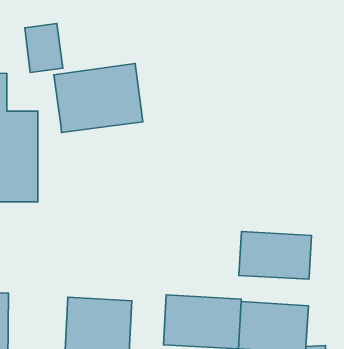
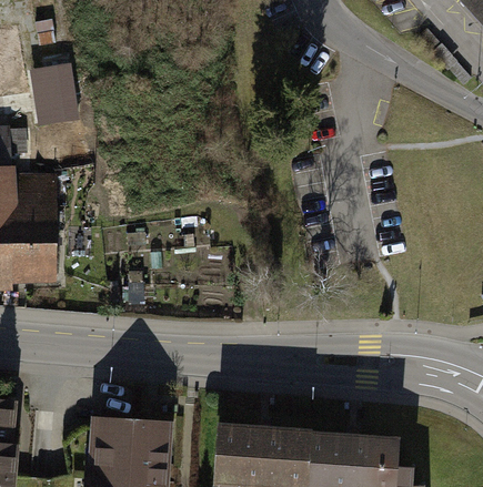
building: [54,63,143,132] -> none
building: [239,232,312,279] -> none

